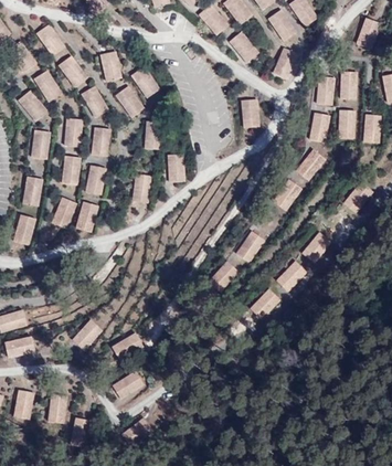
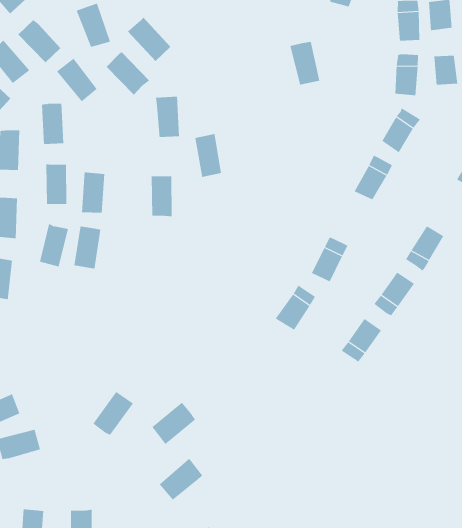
building: [91,128,109,157] -> none

